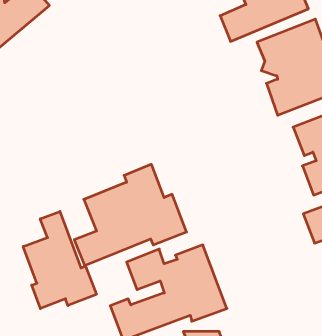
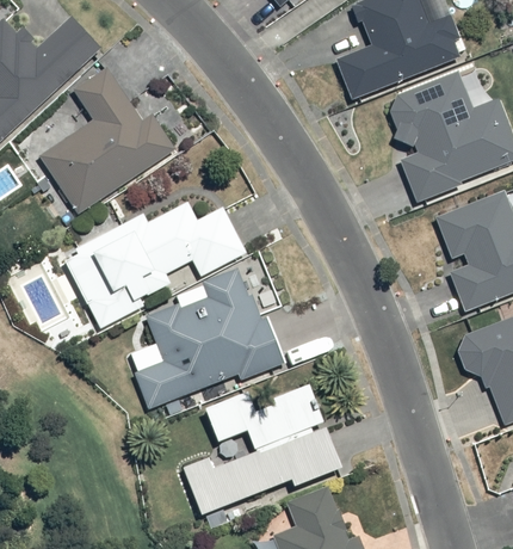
building: none -> [41,68,175,211]
building: none -> [64,198,252,328]
building: [23,211,96,309] -> none

